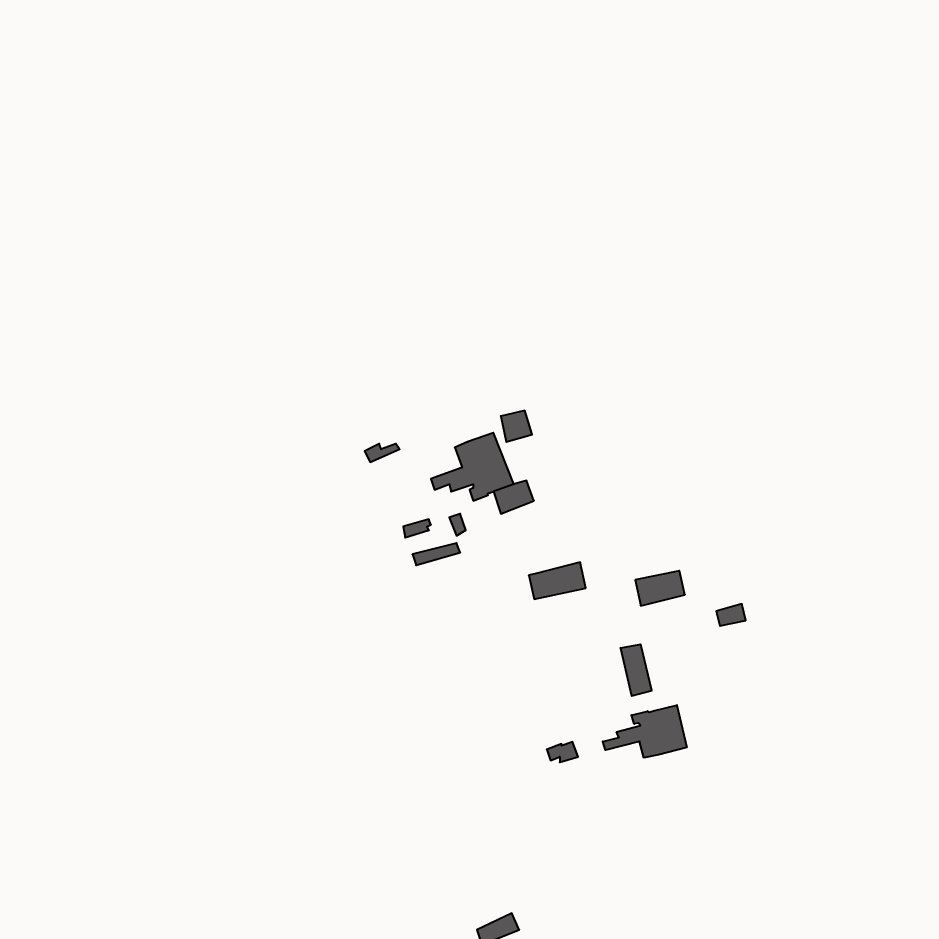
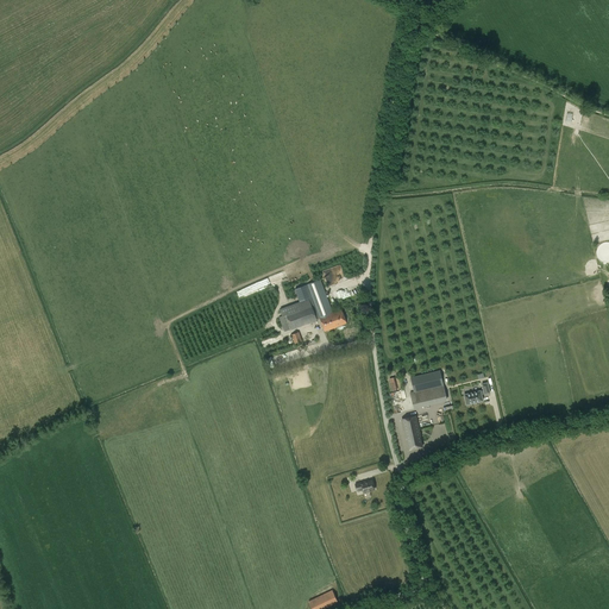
building: [529,562,586,599] -> [409,385,446,409]
building: [603,705,687,758] -> none

